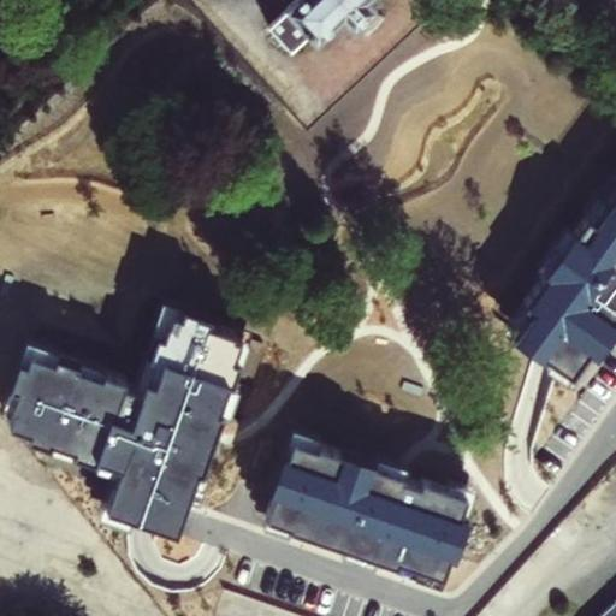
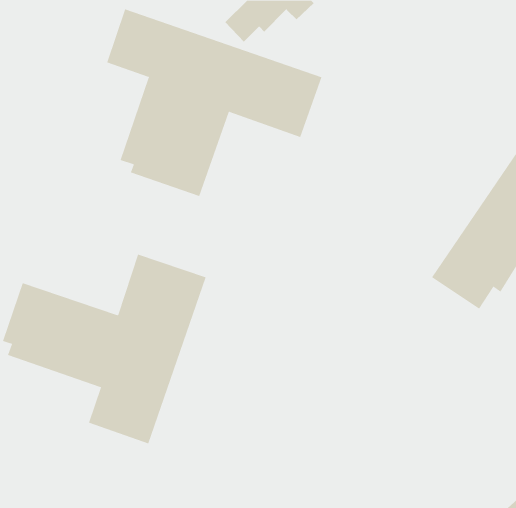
building: none -> [106,9,322,197]
building: [267,437,473,578] -> none

